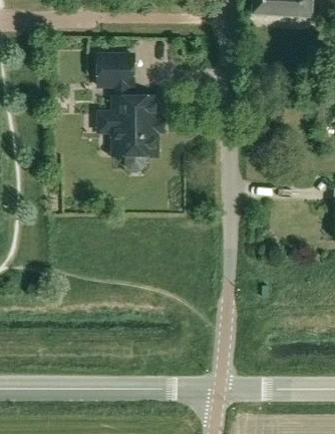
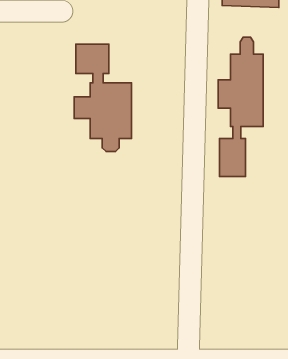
building: none -> [218,37,263,176]

